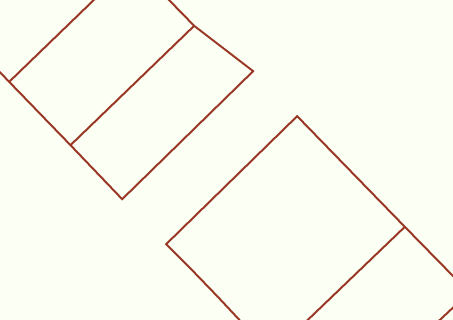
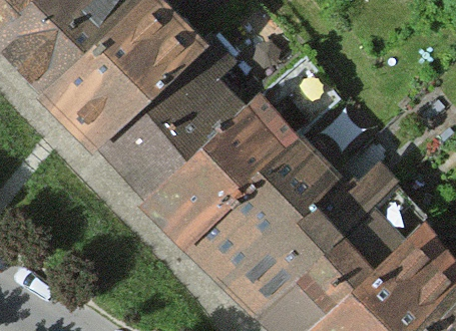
building: none -> [143,83,307,245]

